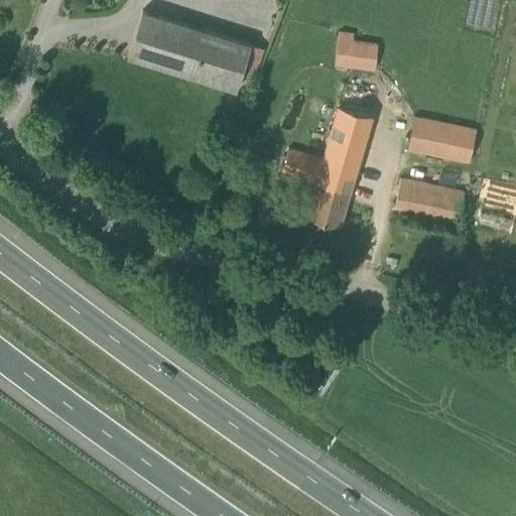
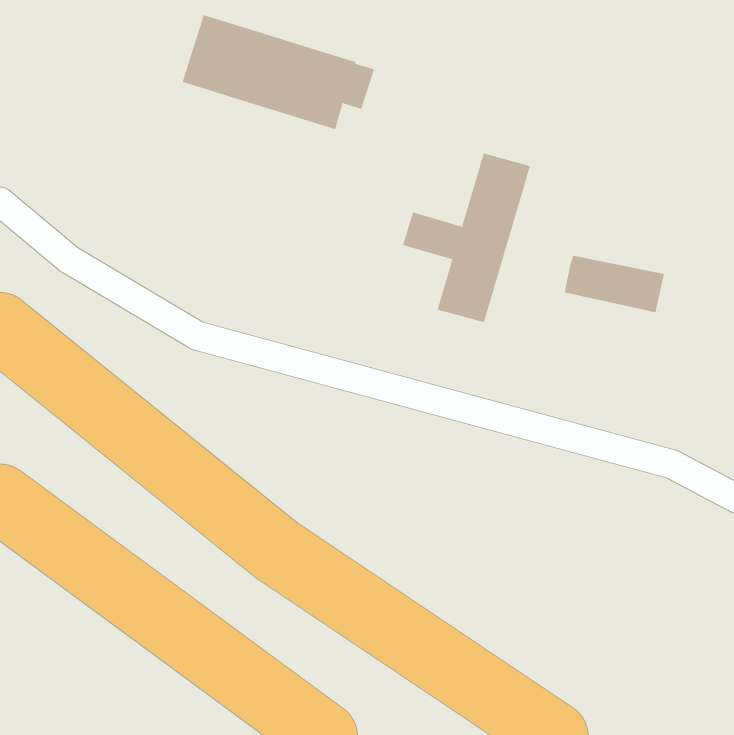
building: [337,31,379,71] -> none
building: [412,118,476,174] -> none

